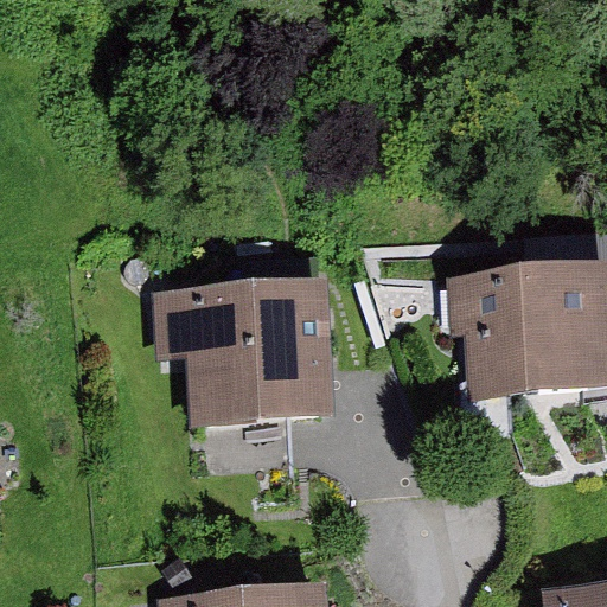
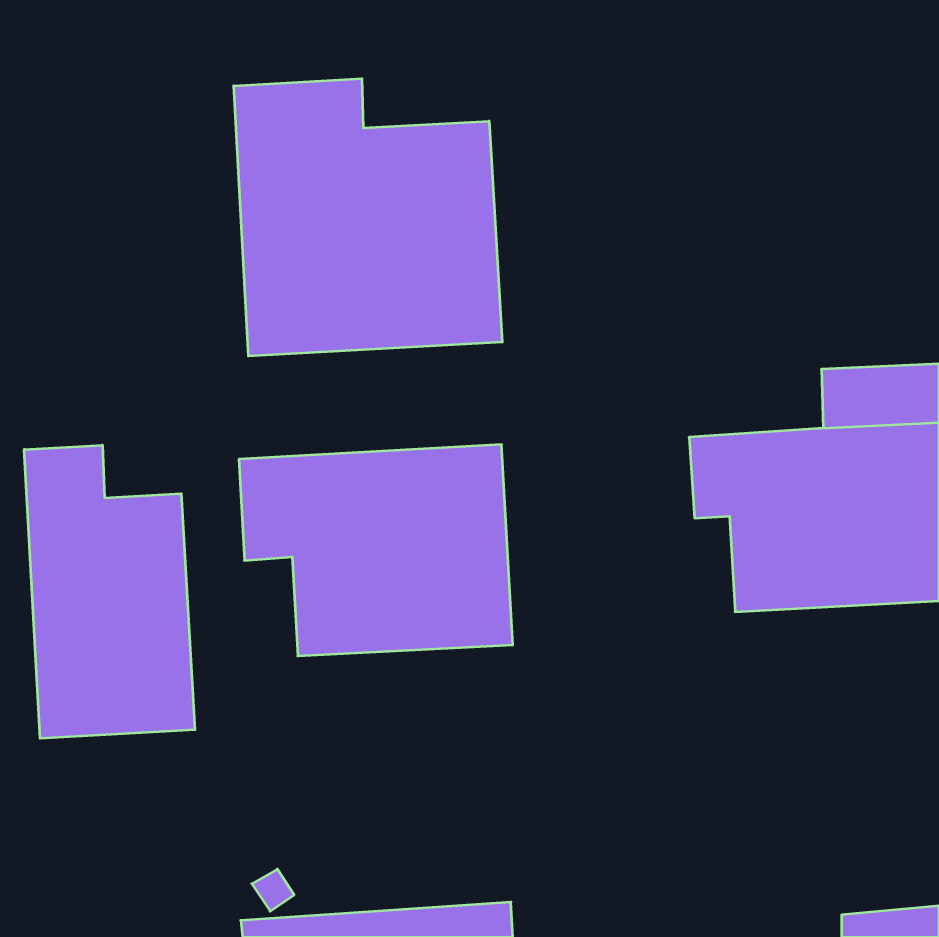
building: none -> [234,79,502,356]
building: none -> [24,445,195,738]

